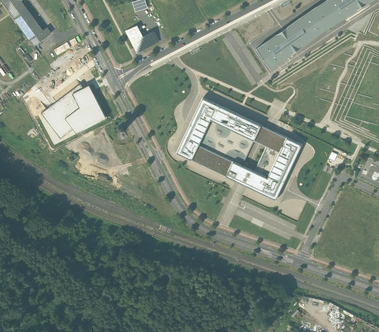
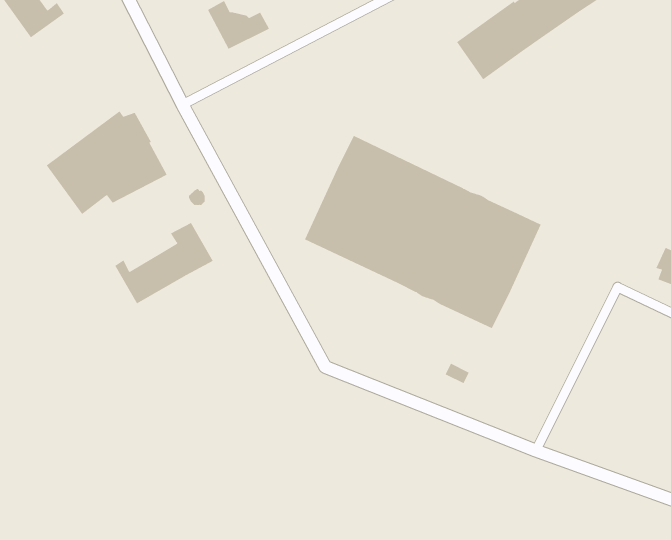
building: none -> [115,222,213,304]

